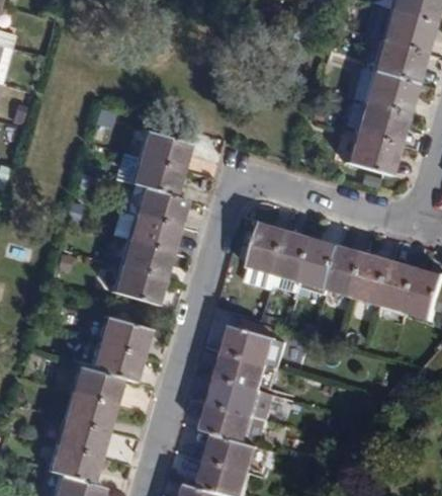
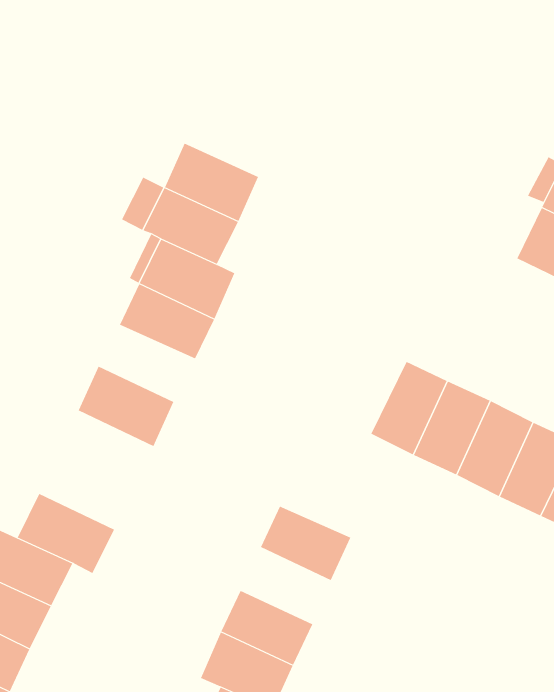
building: [253,225,292,277] -> none
building: [118,240,173,278] -> none
building: [97,318,152,356] -> none
building: [220,352,271,391] -> none

